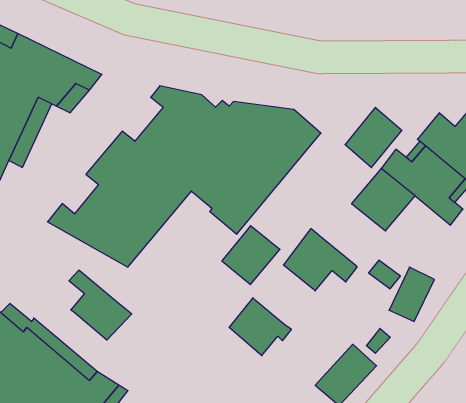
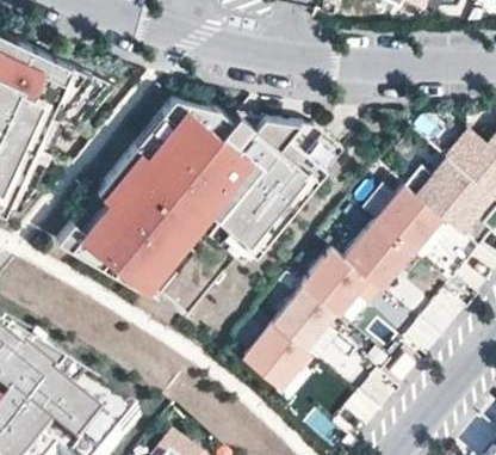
building: [345,107,402,168] -> none
building: none -> [343,226,409,291]
building: [222,226,280,285] -> [272,290,333,352]
building: [69,270,132,340] -> none

